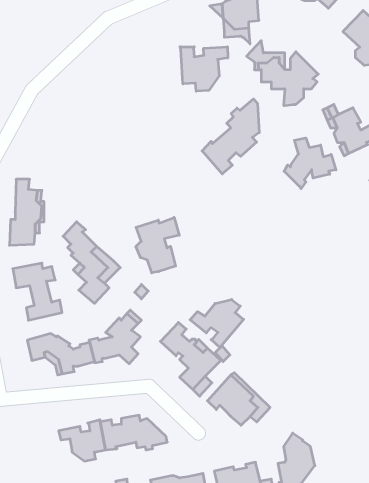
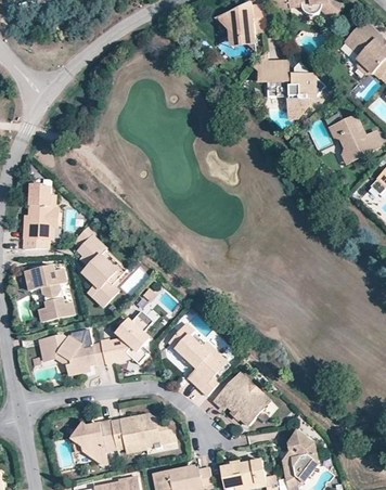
building: [180,47,228,91] -> none
building: [202,99,259,174] -> none
building: [284,138,336,189] -> none
building: [136,217,179,273] -> none
building: [190,299,244,348] -> none

